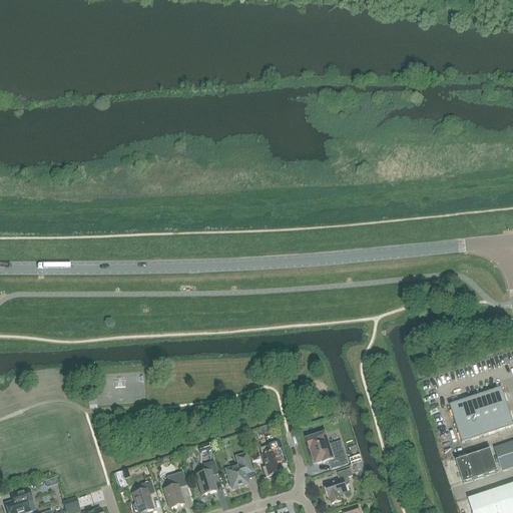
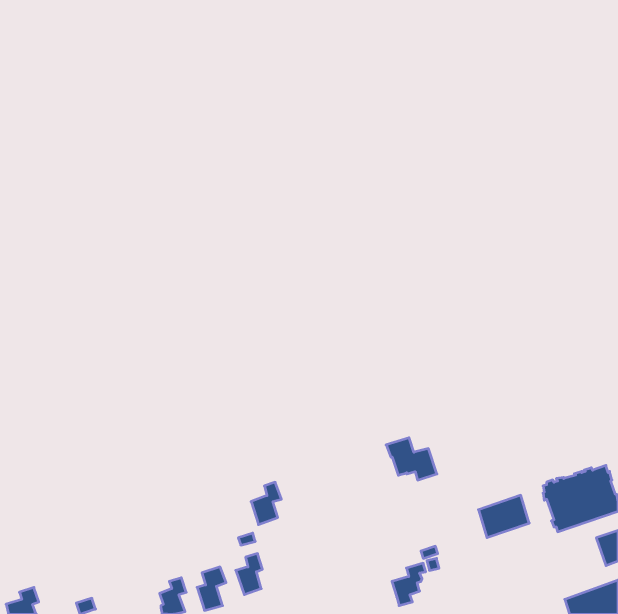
building: [306,431,348,466] -> [386,438,437,480]
building: [262,440,284,475] -> none
building: [456,447,498,482] -> [478,495,529,538]
building: [225,452,250,487] -> [251,482,281,525]

